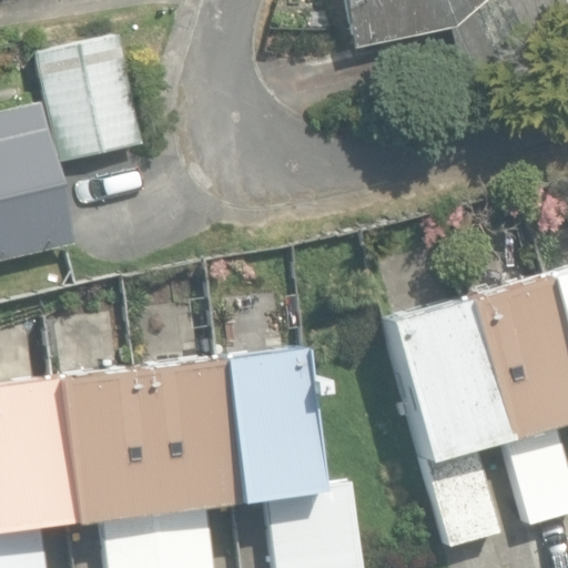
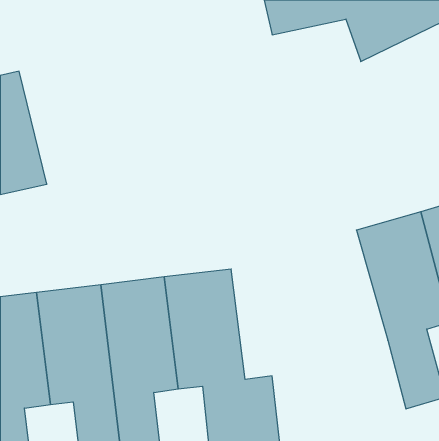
building: [30,33,142,165] -> none
building: [383,297,501,548] -> none

